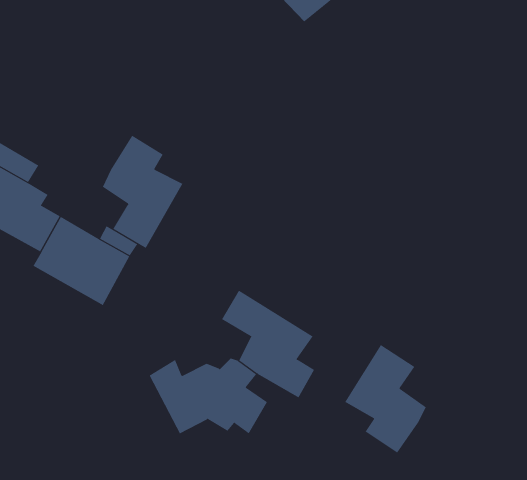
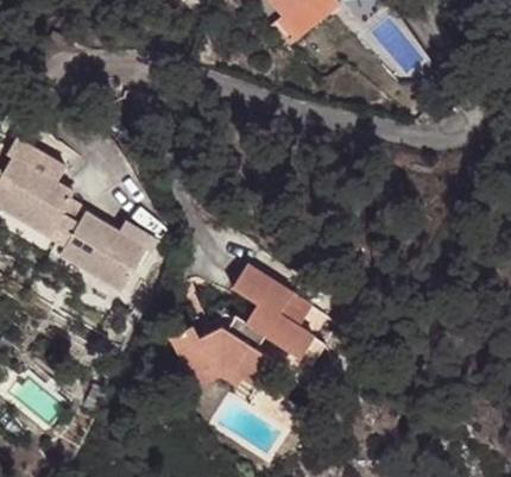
building: [102,135,183,249] -> none
building: [345,344,426,453] -> none

